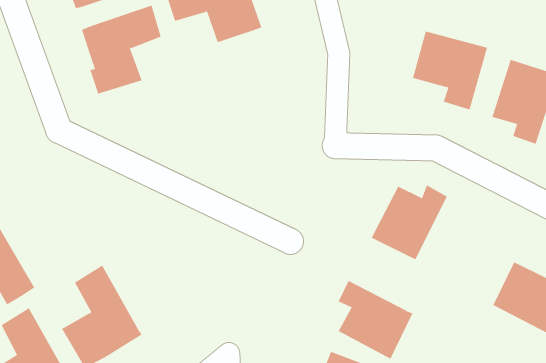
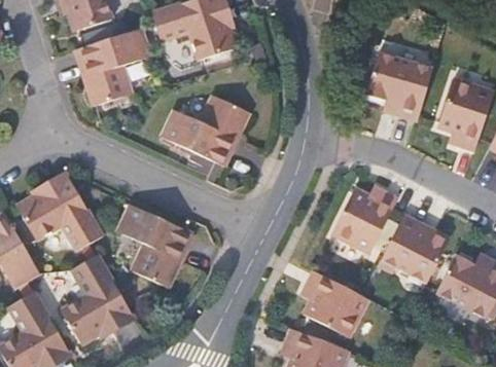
building: none -> [161,96,249,163]
building: none -> [17,176,103,251]
building: none -> [116,204,189,288]
building: none -> [382,211,449,280]

